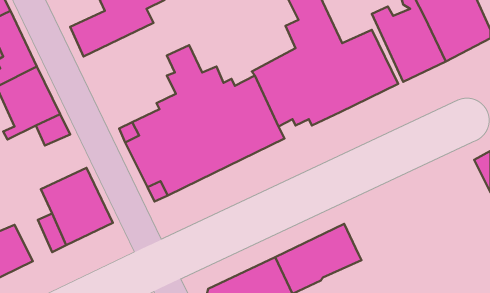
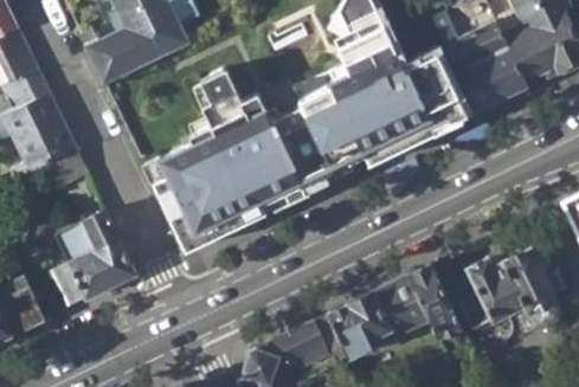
building: none -> [457,246,564,337]
building: none -> [407,265,458,340]

